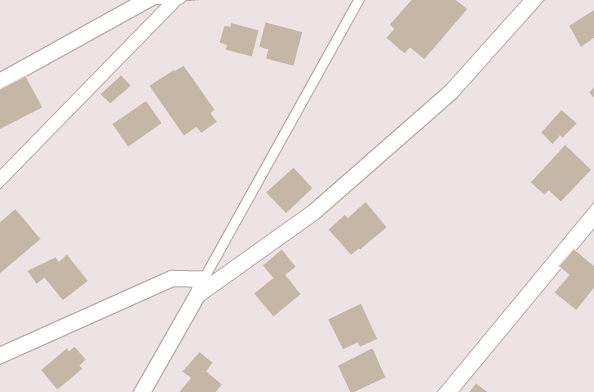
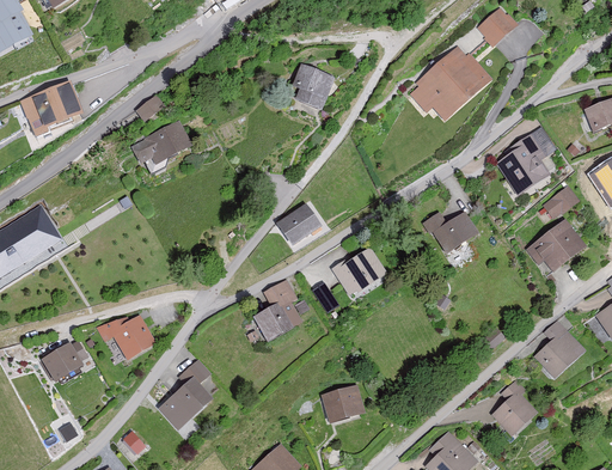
building: [219,22,259,57] -> none
building: none -> [496,134,549,195]
building: [149,65,218,136] -> none
building: none -> [421,212,477,252]
building: [26,254,89,301] -> [98,316,155,360]
building: [328,303,378,350] -> none
building: none -> [491,382,534,435]

